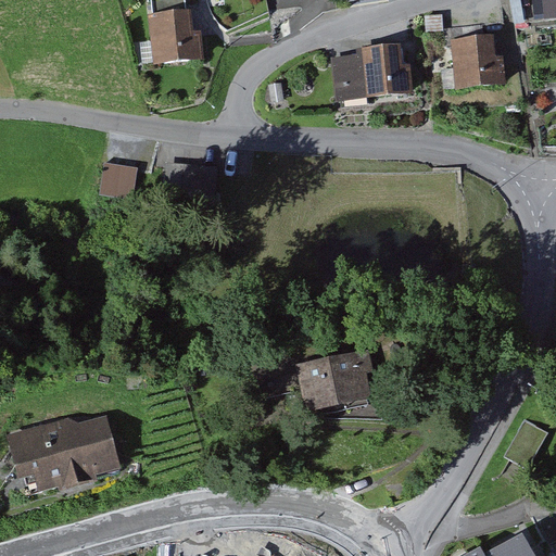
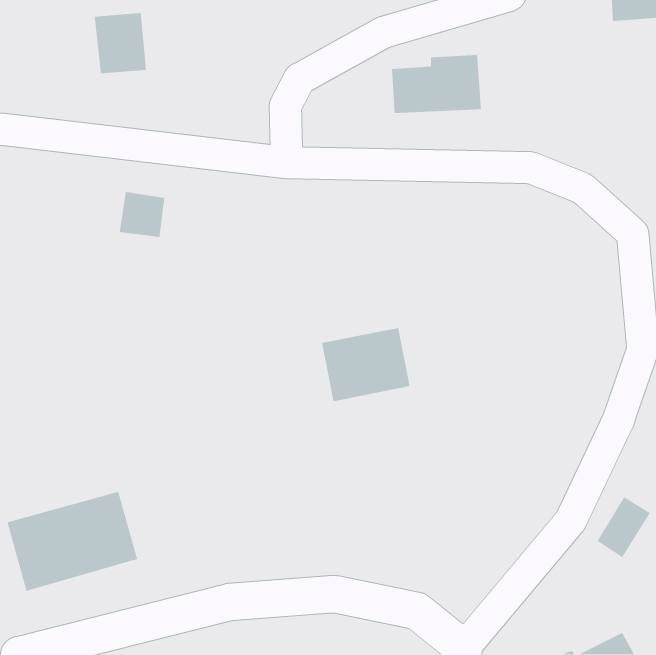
building: [151,11,195,63] -> [94,12,147,74]
building: [456,34,502,84] -> none
building: [292,348,367,410] -> [321,327,410,402]

